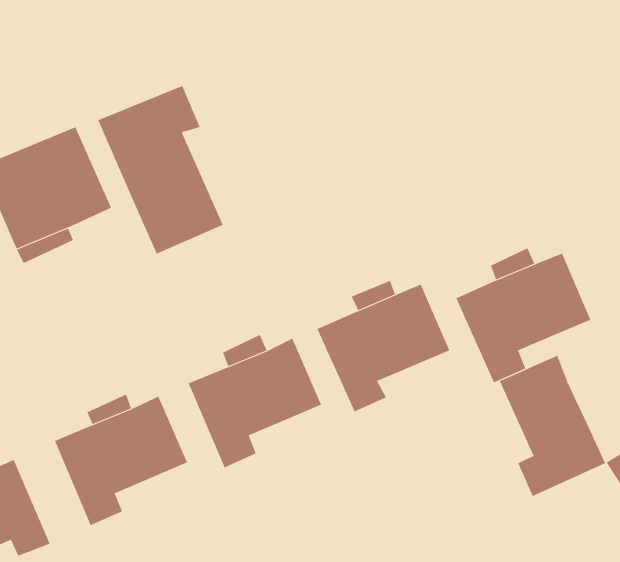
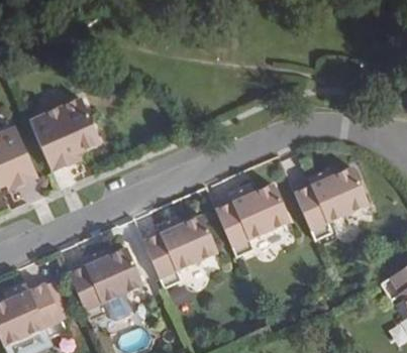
building: [97,85,224,255] -> none
building: [499,355,606,497] -> none

